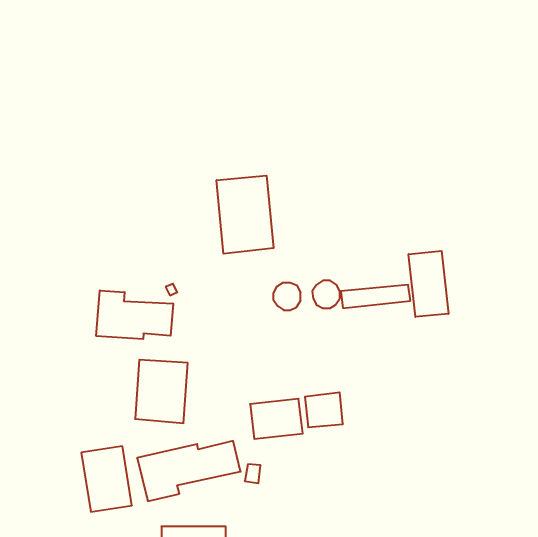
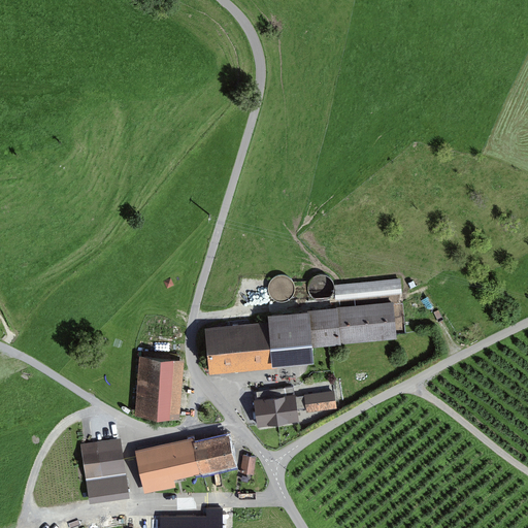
building: [217,176,274,254] -> none
building: [409,251,448,317] -> none
building: [96,290,173,339] -> none
building: none -> [206,305,398,376]

